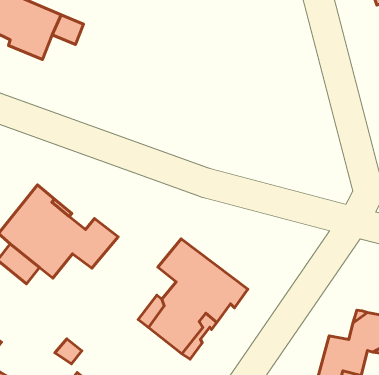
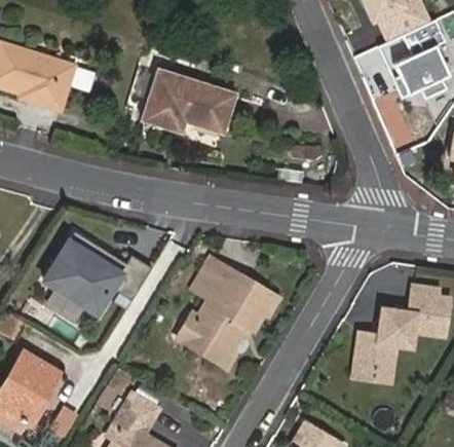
building: none -> [141,71,231,132]

